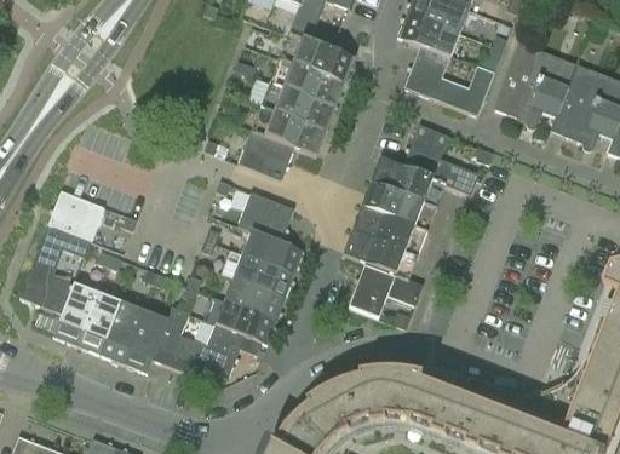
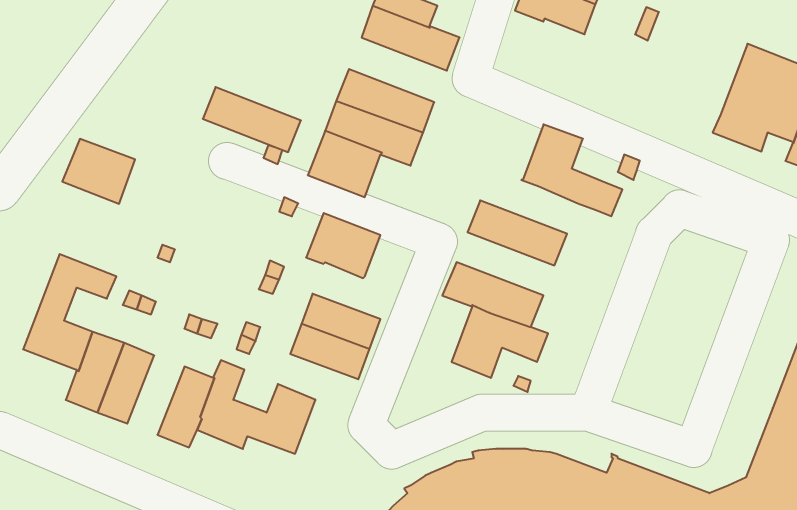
building: [492,41,575,123] -> none
building: [403,44,494,116] -> none
building: [270,58,345,108] -> [203,87,301,152]
building: [371,157,446,208] -> none
building: [48,191,104,241] -> [62,139,135,204]
building: [352,207,427,255] -> none
building: [242,230,304,274] -> none
building: [216,300,277,345] -> none
building: [101,301,144,362] -> none

